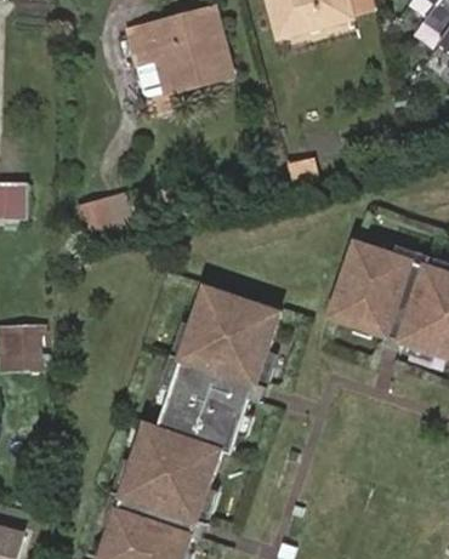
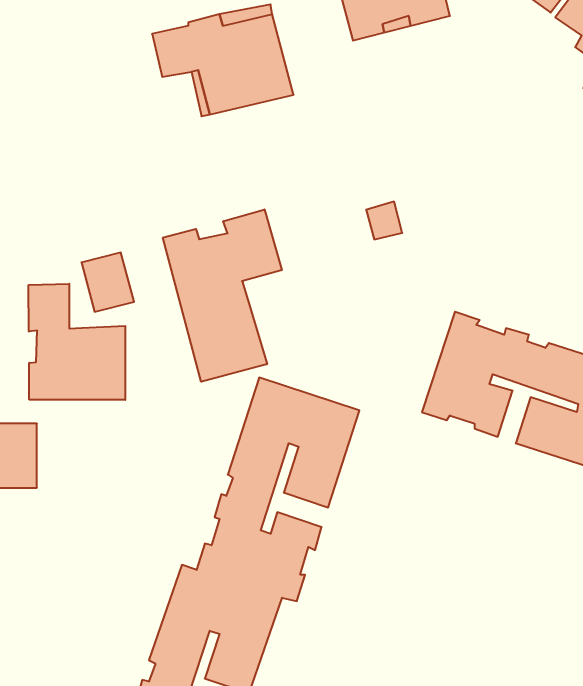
building: none -> [163,209,282,382]
building: none -> [29,284,125,400]

